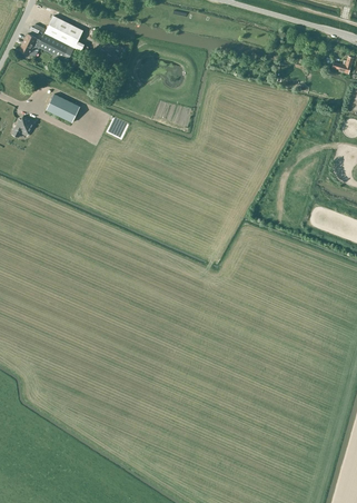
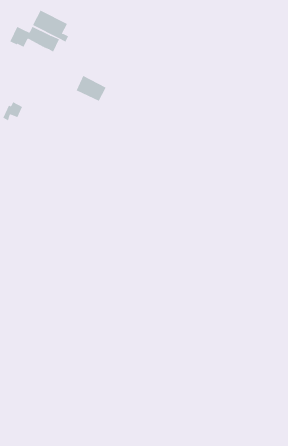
building: [46,92,79,121] -> [76,75,106,102]

